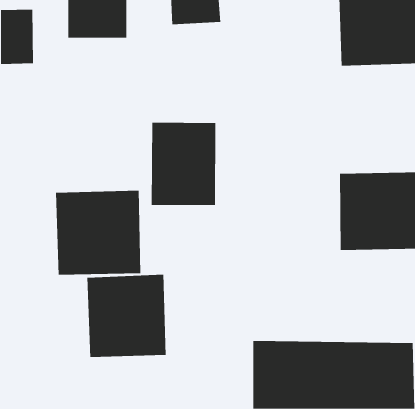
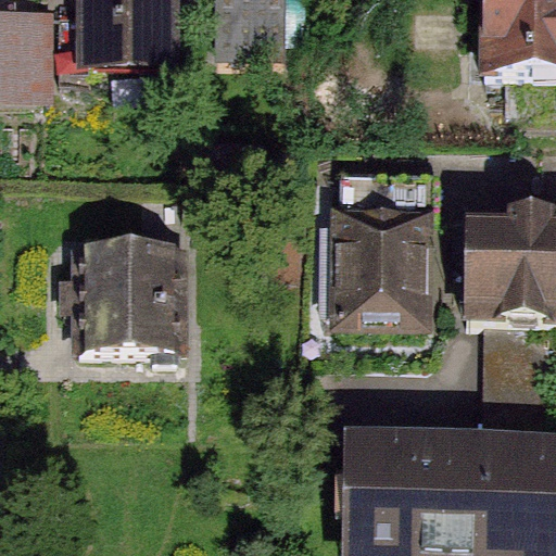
building: [151,122,216,206] -> none
building: none -> [339,223,424,334]
building: [87,274,166,358] -> none

